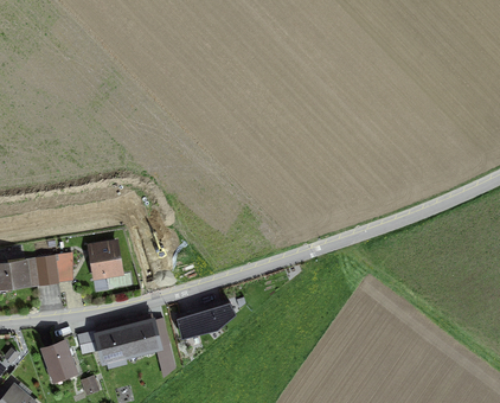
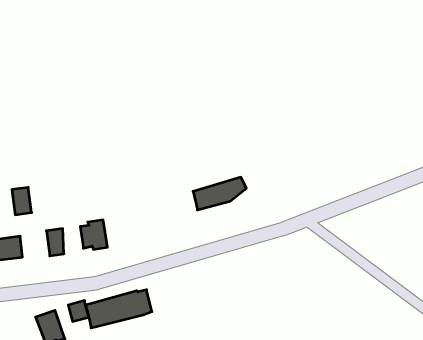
building: [36,255,57,284] -> [12,187,32,215]
building: [177,302,235,338] -> [193,177,246,210]

